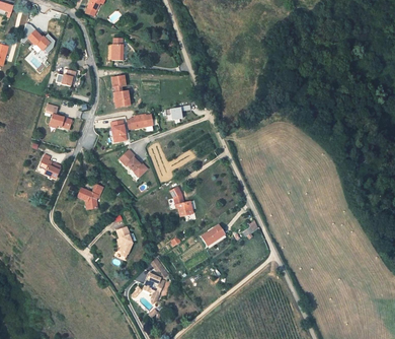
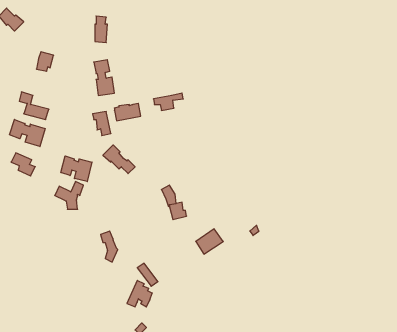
building: none -> [9,119,45,147]
building: none -> [61,156,92,182]

